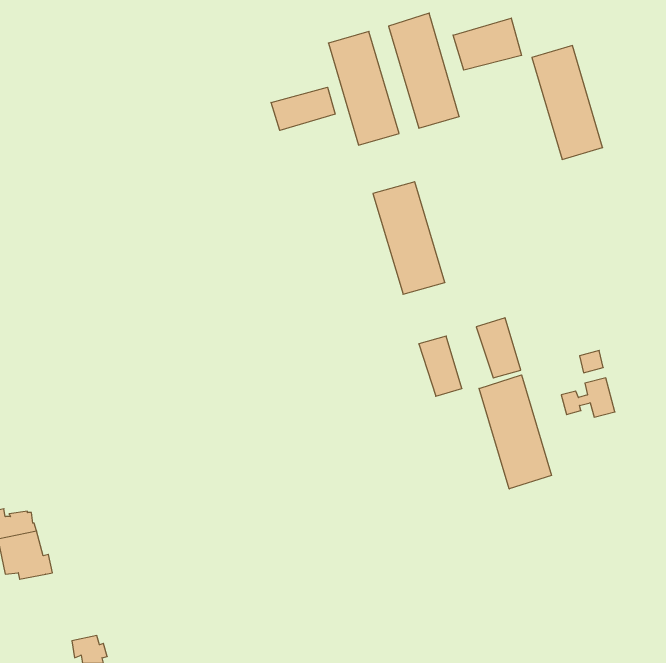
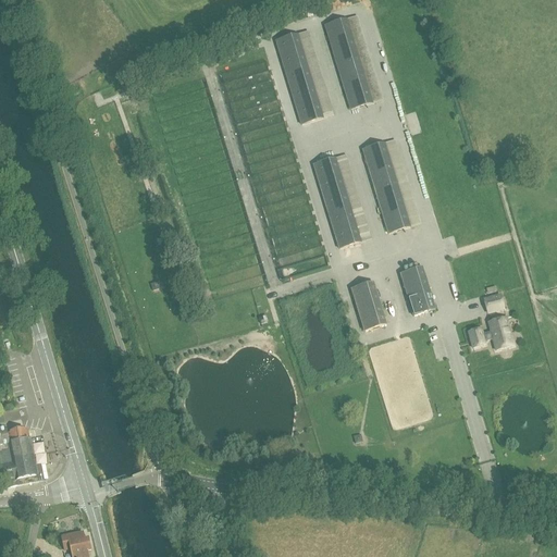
building: [453,18,522,70] -> none
building: [532,46,603,159] -> [360,137,419,232]
building: [271,87,335,130] -> none
building: [479,375,552,489] -> none

